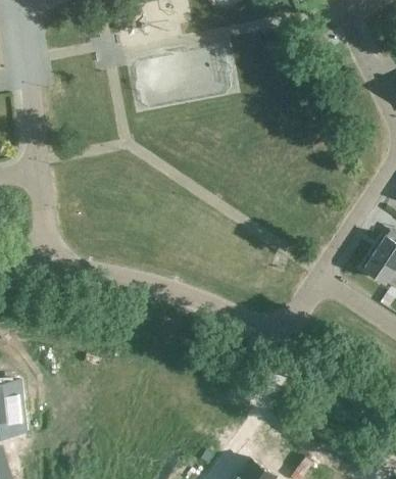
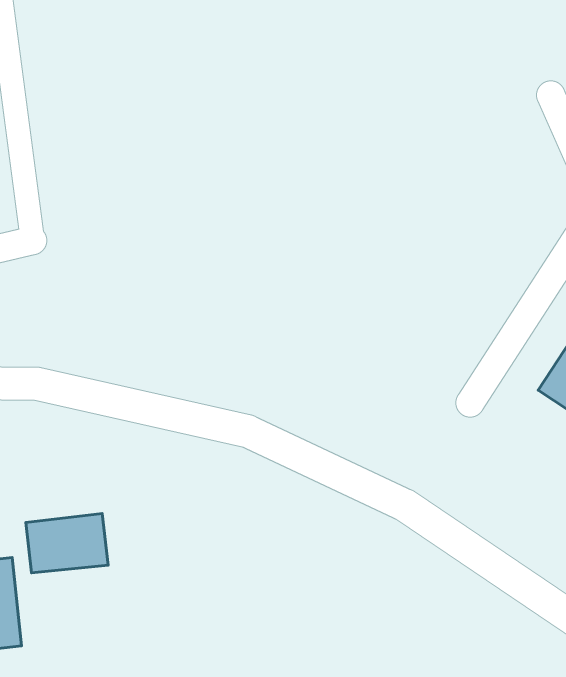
building: none -> [26,514,108,573]

